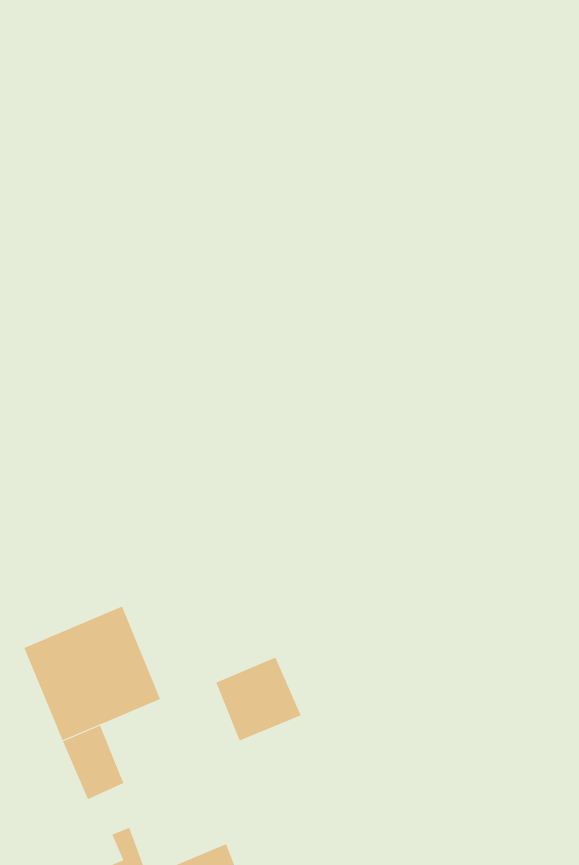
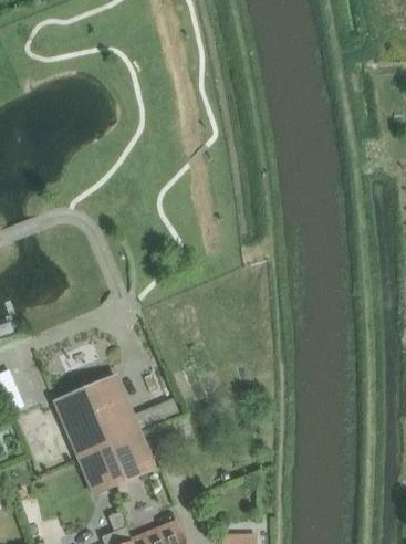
building: [216,657,301,741] -> [102,432,154,483]

